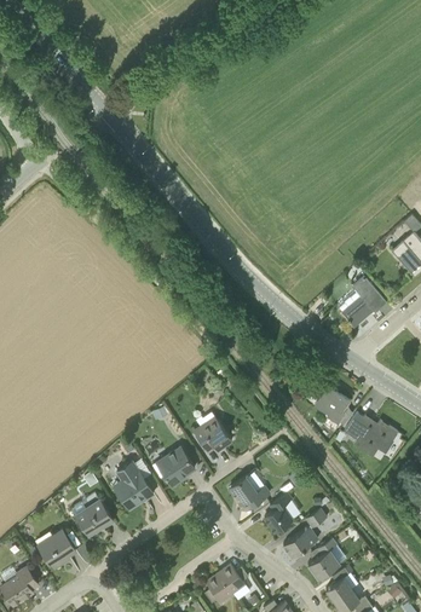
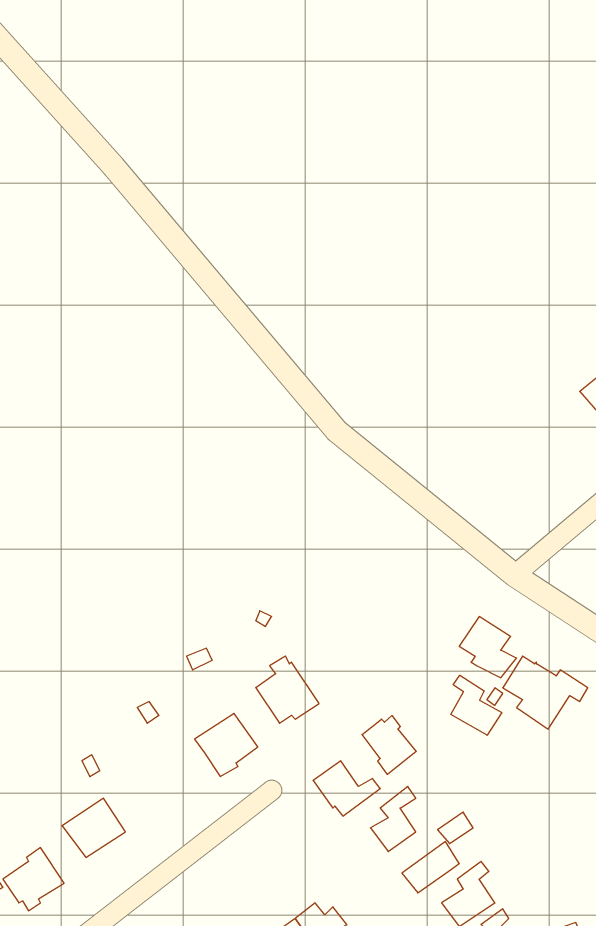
building: [344,277,385,325] -> none
building: none -> [451,675,502,735]
building: none -> [362,716,416,774]
building: [113,462,154,510] -> none

